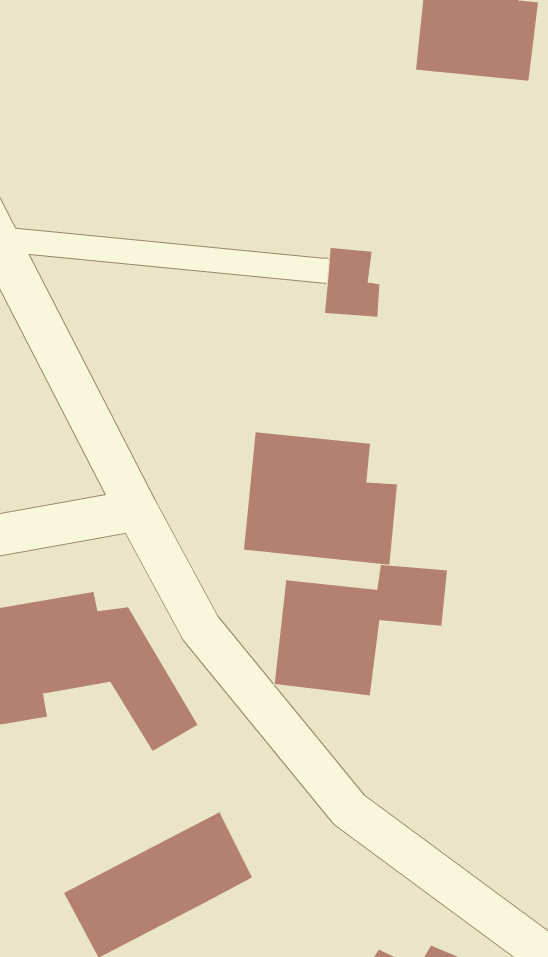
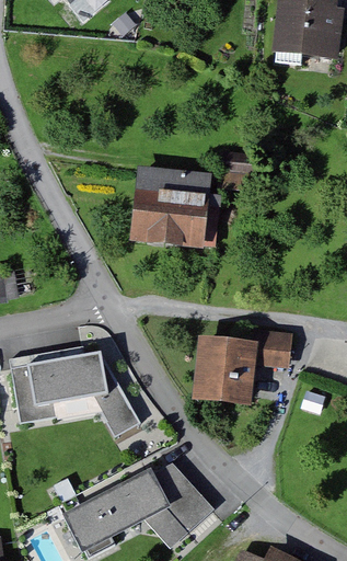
building: [243,432,398,565] -> [129,168,217,243]
building: none -> [149,461,216,547]

